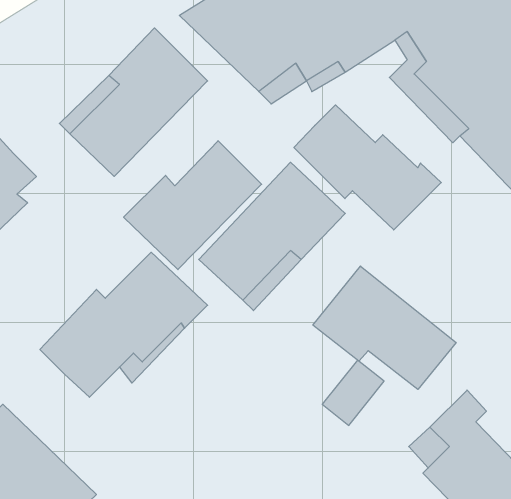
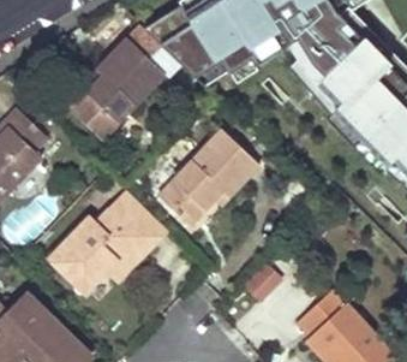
building: [294,105,441,230] -> none
building: [124,141,262,270] -> none
building: [313,266,456,389] -> none

